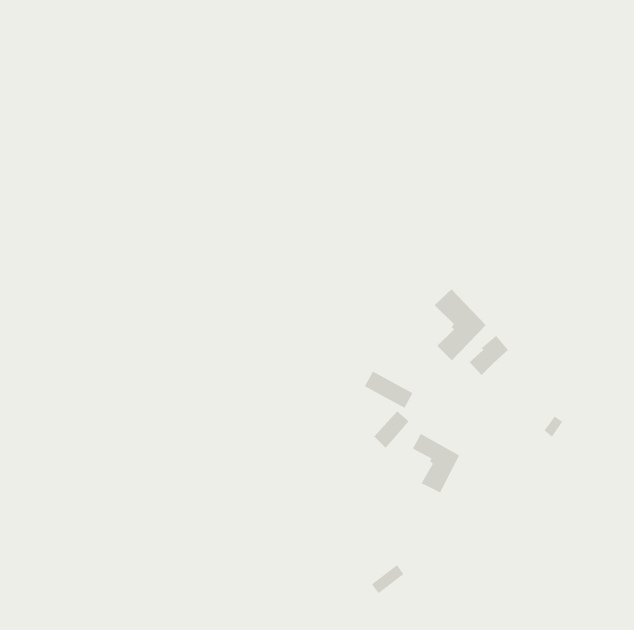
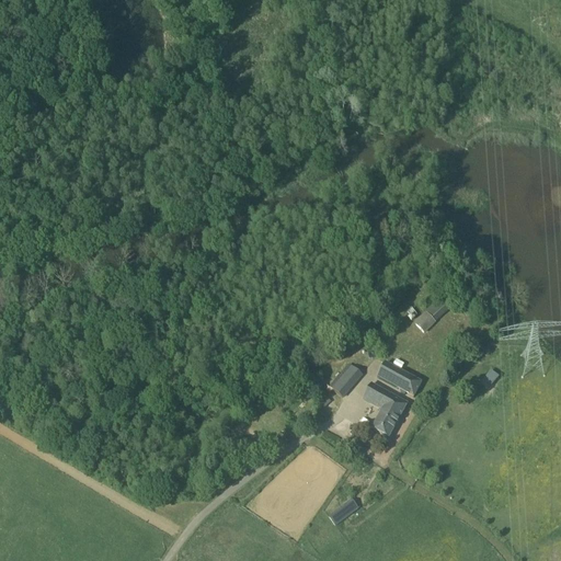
building: [434,289,486,361] -> none
building: [364,370,413,409] -> [377,362,421,396]

